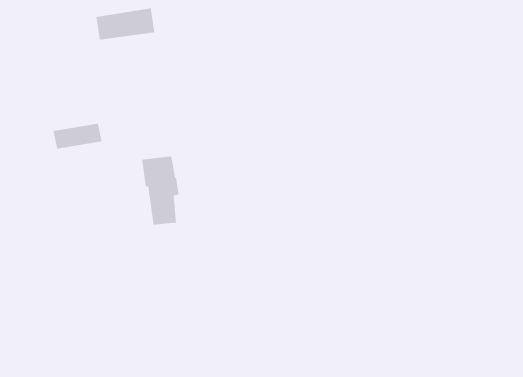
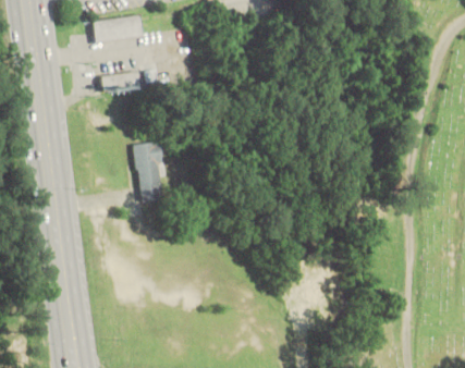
building: [53,123,102,150] -> [100,70,143,93]

